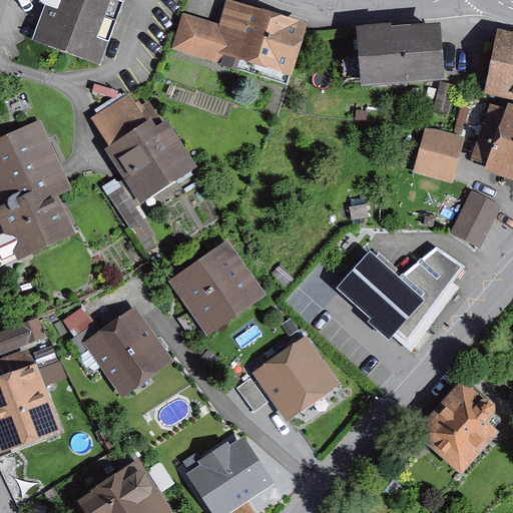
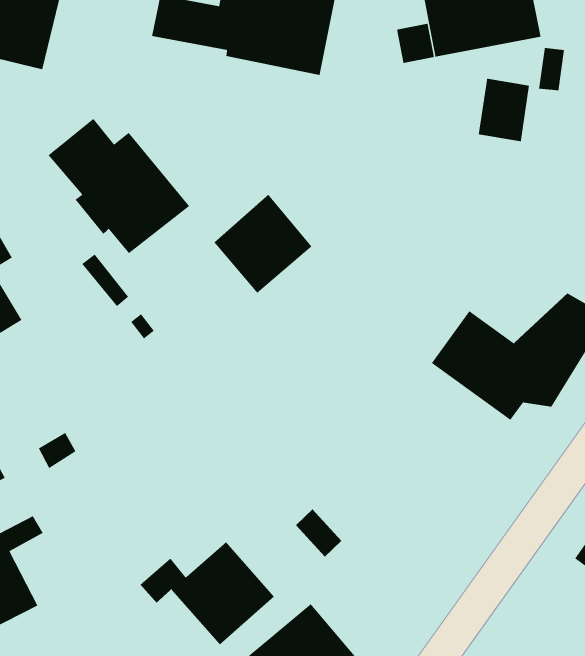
building: [418,129,457,175] -> [478,78,530,142]
building: [182,251,249,319] -> [213,194,312,294]
building: [71,315,162,385] -> [140,541,275,645]
building: [256,342,334,418] -> none

